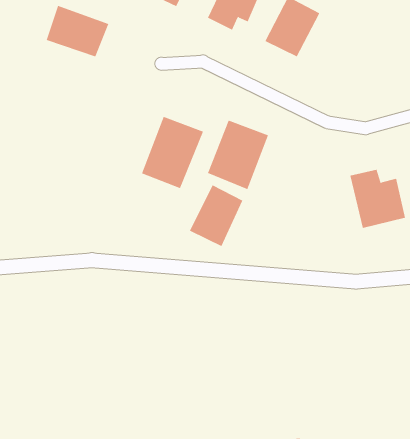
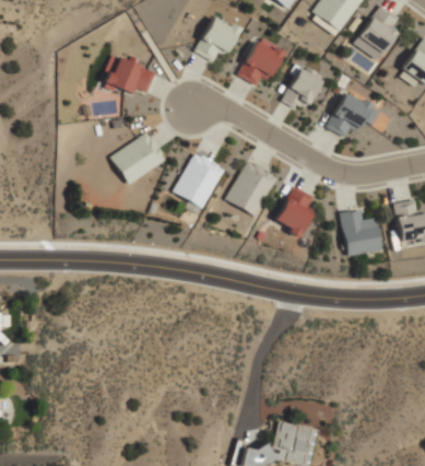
building: none -> [326,91,393,138]
building: none -> [110,131,165,185]
building: [189,184,243,247] -> [273,185,319,236]

